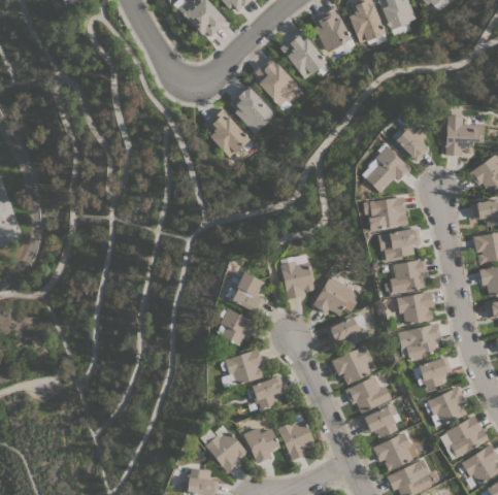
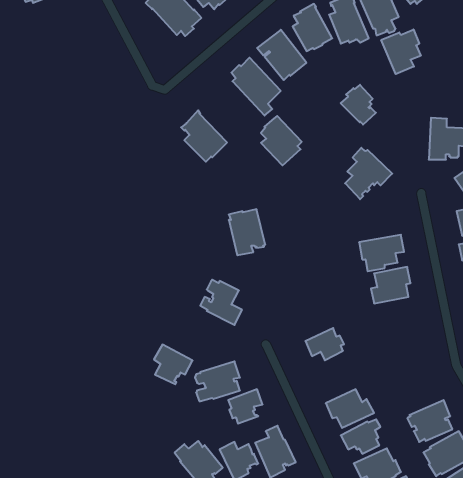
building: none -> [381,29,421,74]
building: [234,86,273,133] -> [261,116,302,165]
building: [394,122,428,160] -> [341,85,376,125]
building: [362,196,405,229] -> none
building: [279,254,314,298] -> [229,209,265,255]
building: [312,276,360,316] -> none
building: [396,290,434,325] -> none
building: [219,307,256,345] -> [154,345,193,384]
building: [397,323,441,361] -> none
building: [331,345,371,385] -> none
building: [412,356,452,389] -> none

